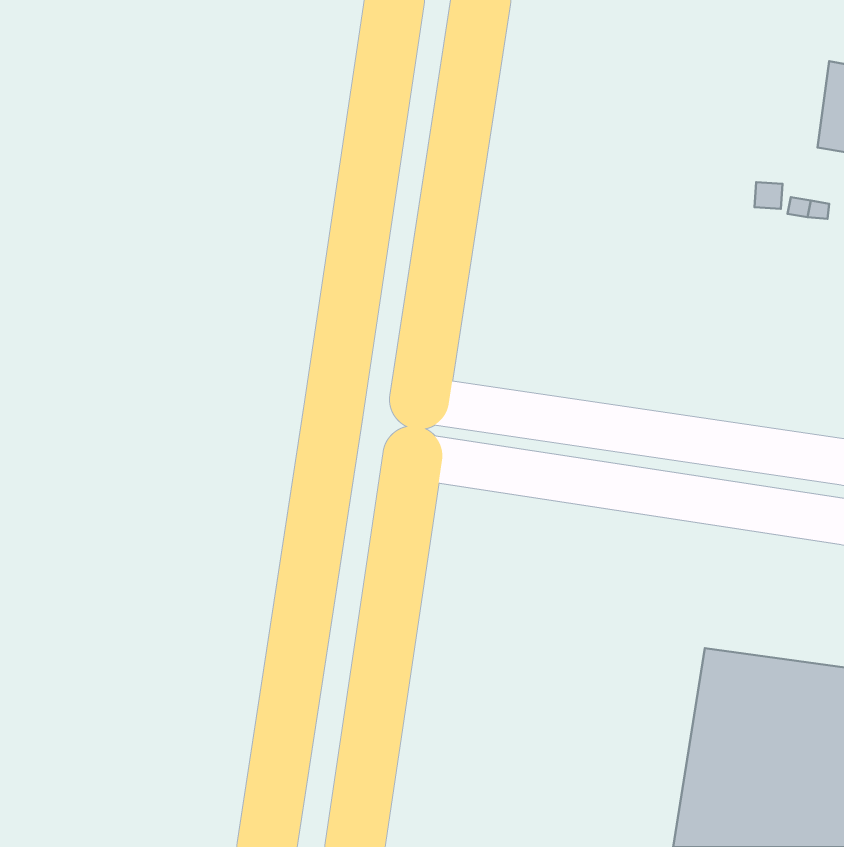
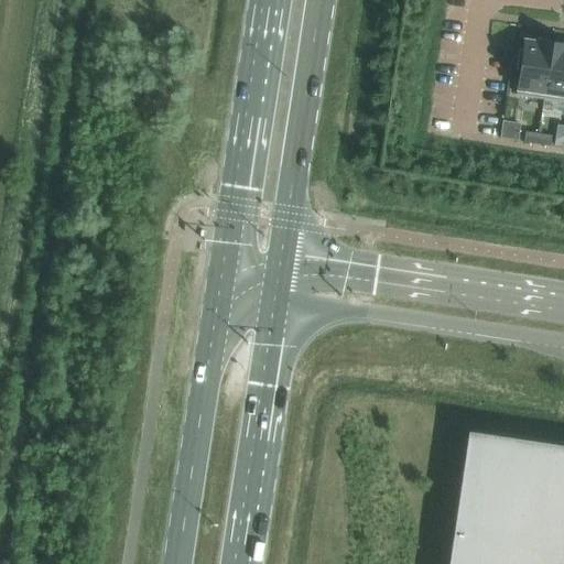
building: none -> [519,40,553,98]

